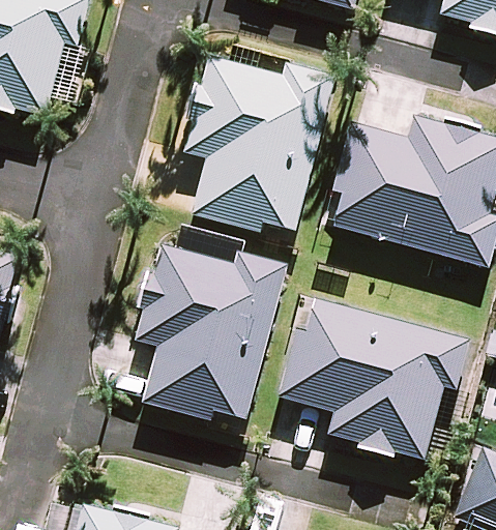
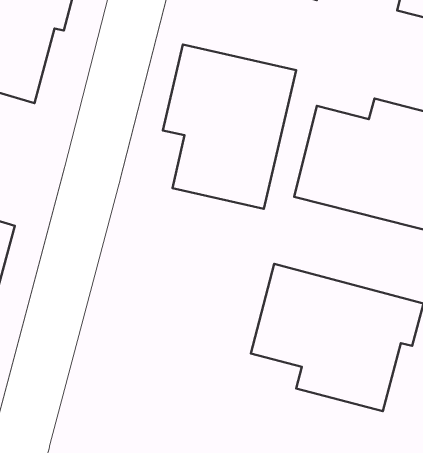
building: [135,243,282,425] -> none

